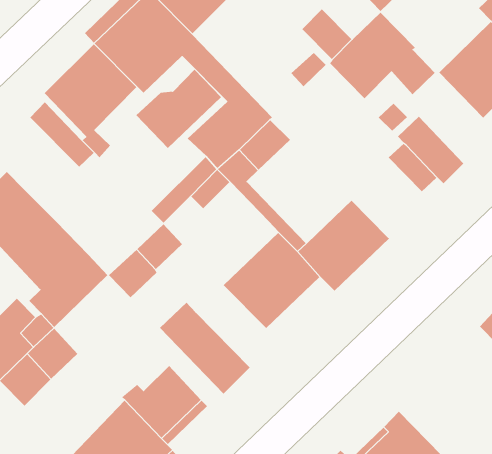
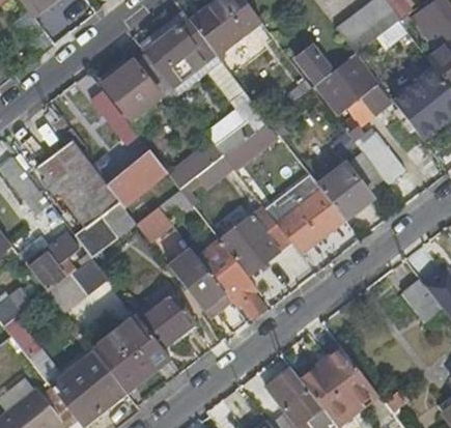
building: [136,69,222,149] -> [103,150,167,206]
building: none -> [317,163,371,218]
building: none -> [197,239,265,319]

